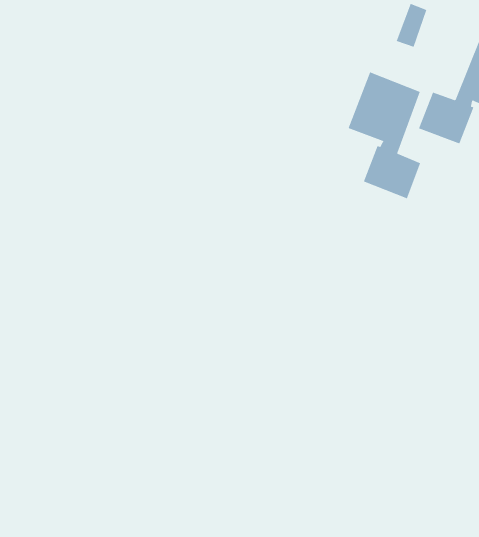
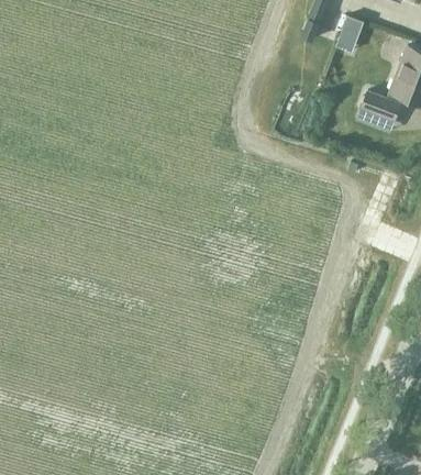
building: [348,72,421,199] -> none

